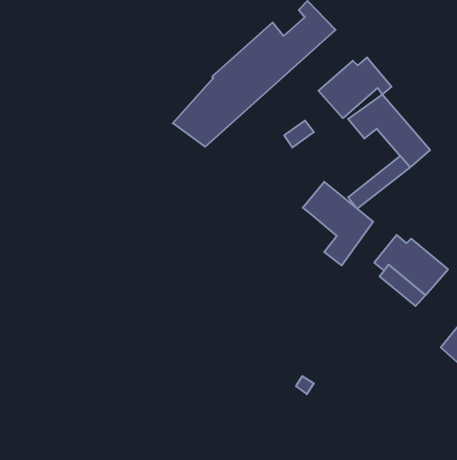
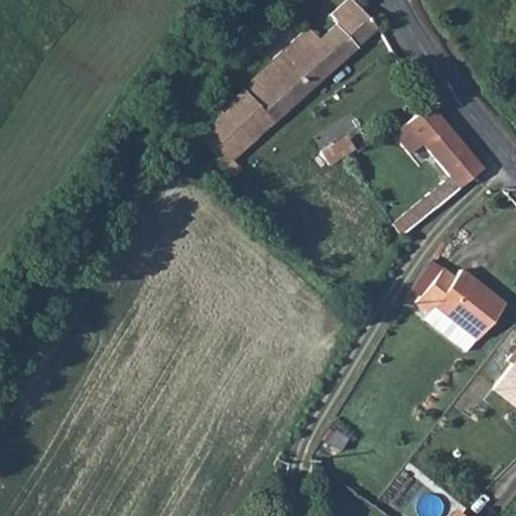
building: [318,57,392,118] -> none
building: [303,182,373,265] -> none

